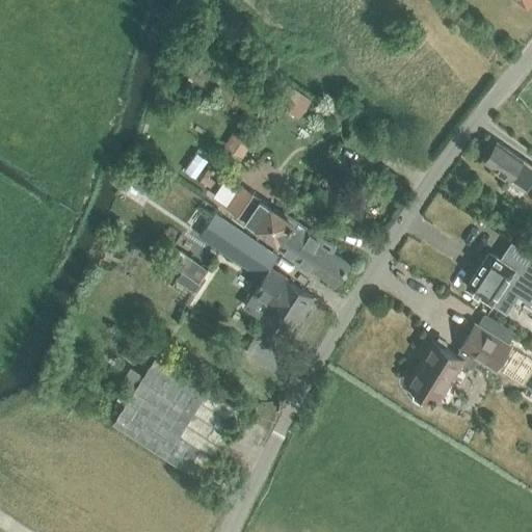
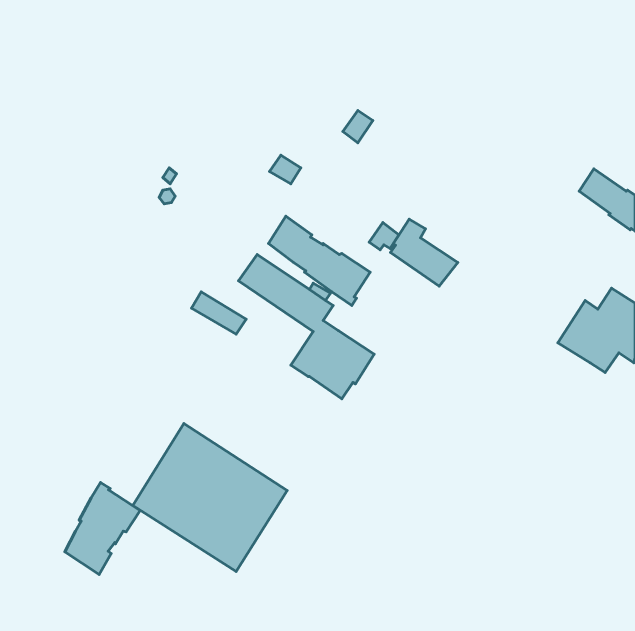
building: [294,231,350,287] -> [391,219,458,286]
building: [407,318,514,405] -> none
building: none -> [65,482,140,574]

